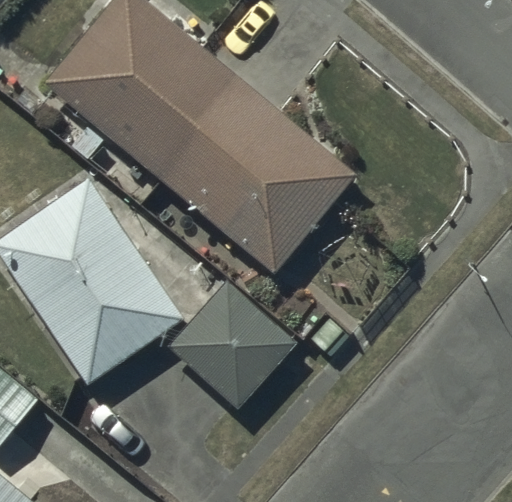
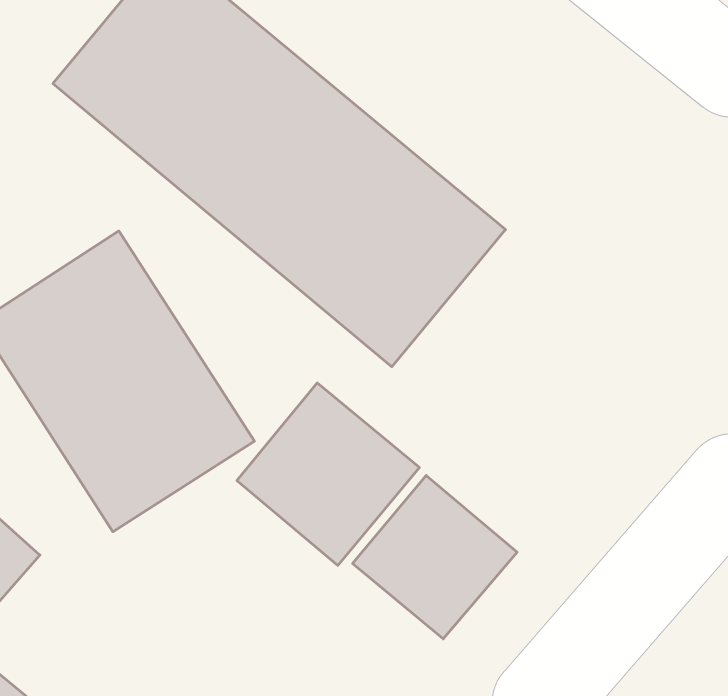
building: none -> [353,475,517,639]

